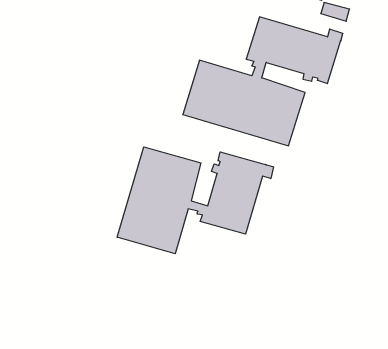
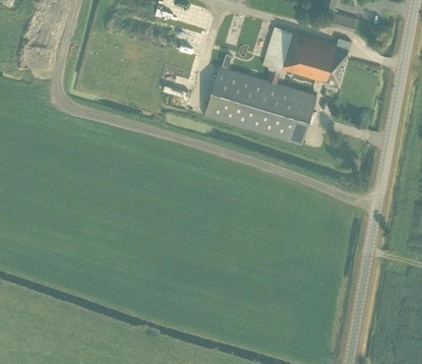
building: [117,147,274,254] -> none

